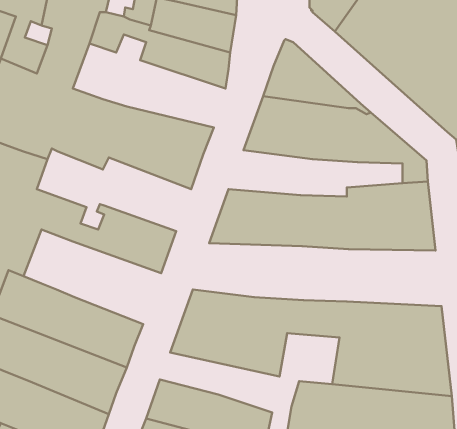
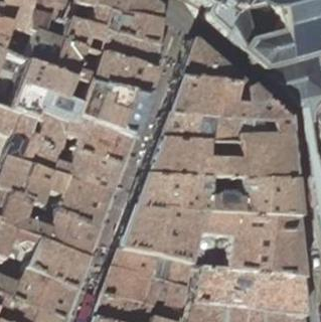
building: none -> [53,39,156,96]
building: none -> [29,110,133,165]
building: none -> [158,111,275,142]
building: none -> [20,164,113,227]
building: none -> [134,173,301,215]
building: none -> [112,247,192,287]

